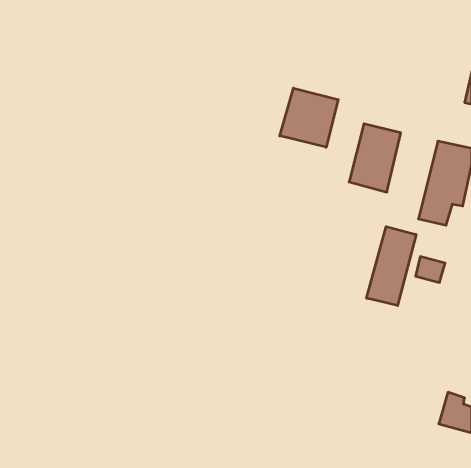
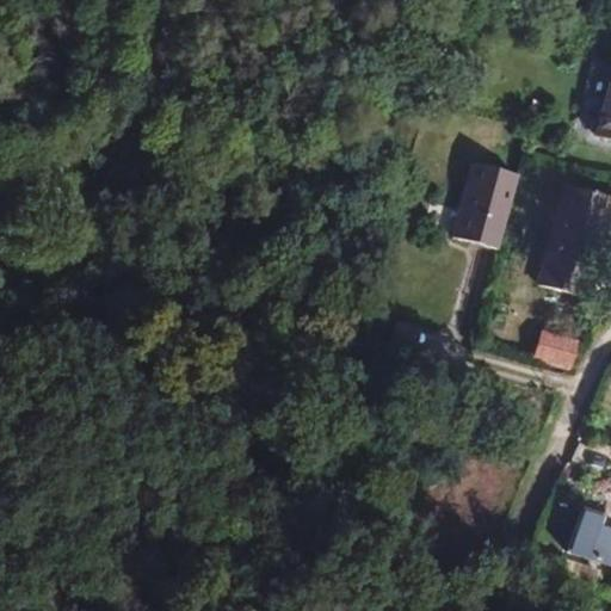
building: [280,88,338,147] -> none
building: [367,227,416,306] -> none

